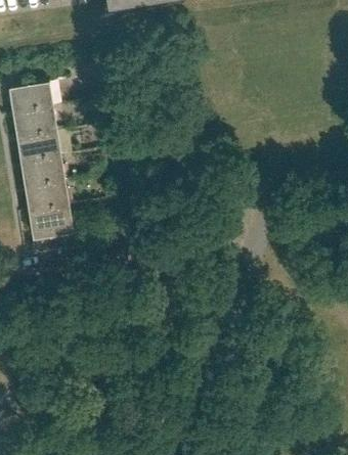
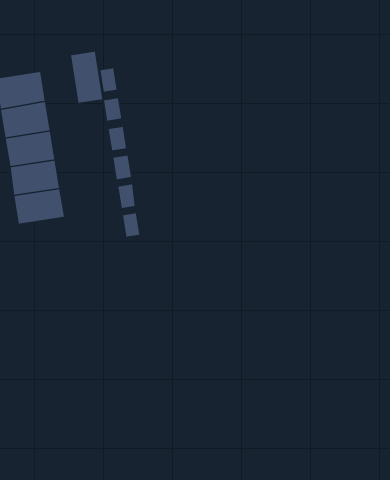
building: none -> [70,51,103,104]
building: [29,207,73,254] -> none

